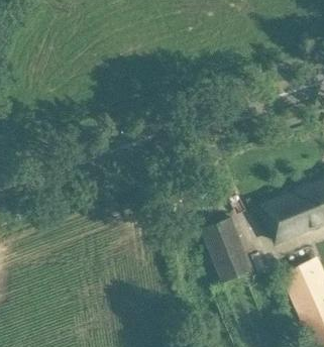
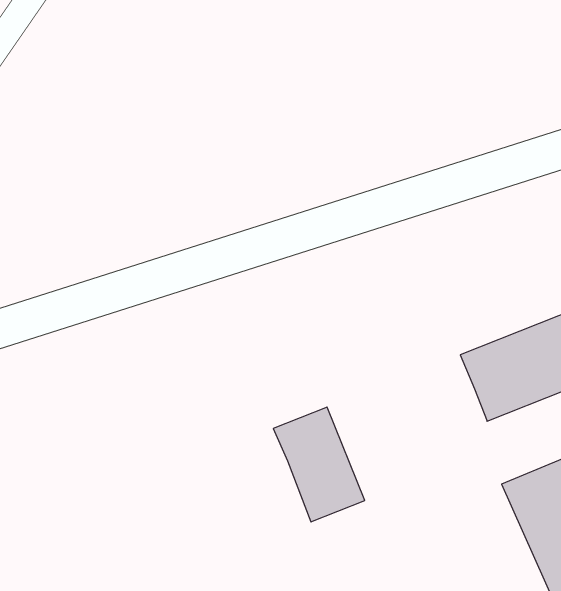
building: [202,218,253,282] -> [273,407,365,522]

